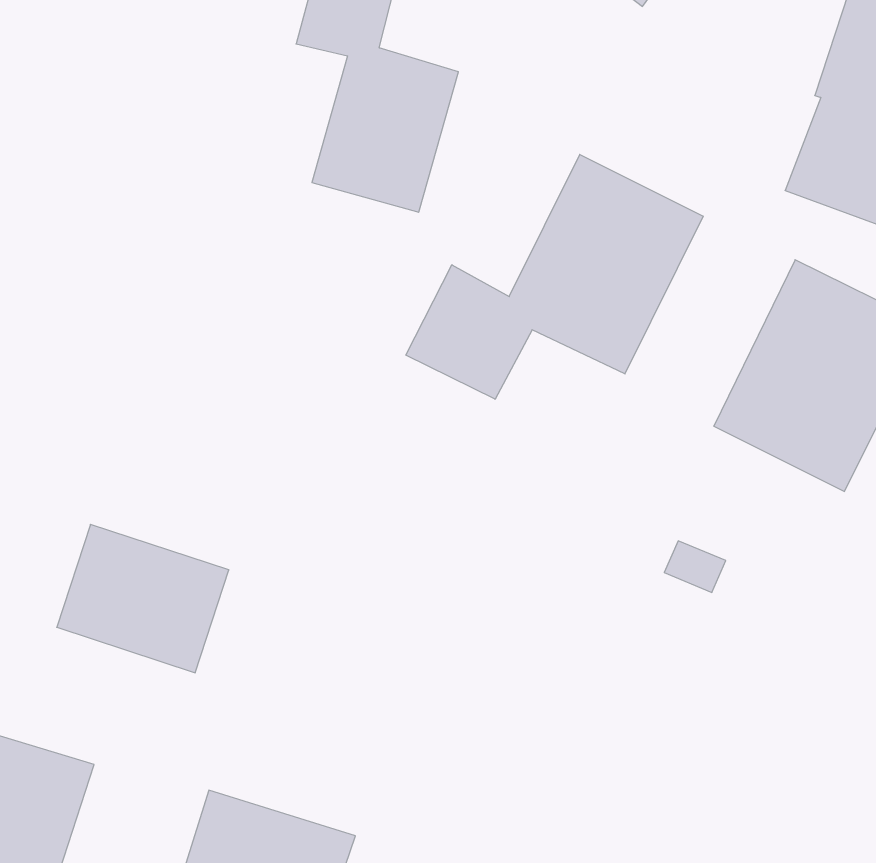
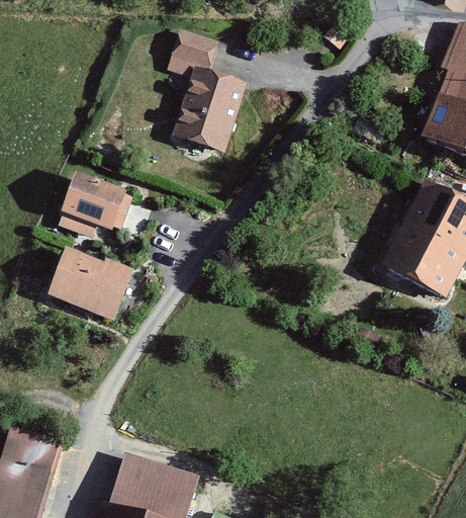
building: [406,154,703,399] -> none
building: none -> [61,176,126,234]
building: [57,524,229,673] -> [45,244,133,320]

